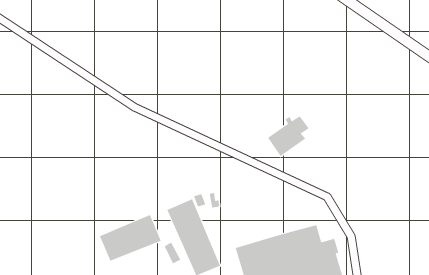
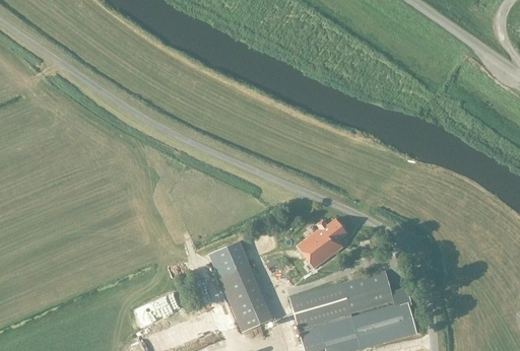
building: [267,115,310,157] -> [297,219,346,268]
building: [99,214,161,261] -> none

